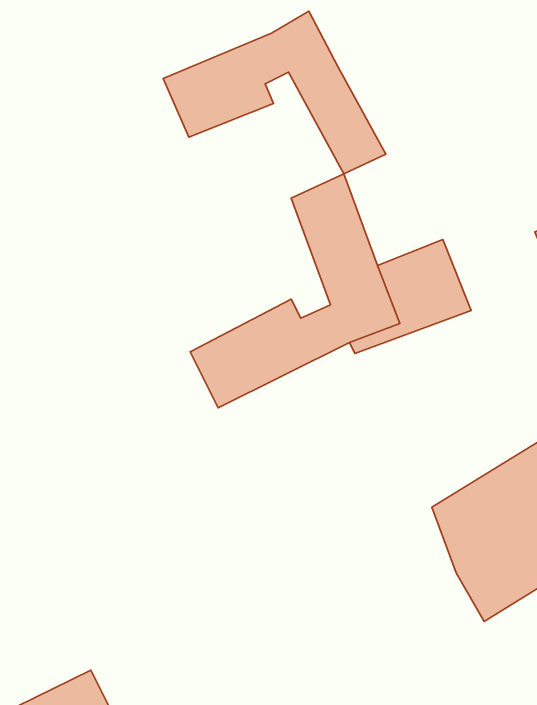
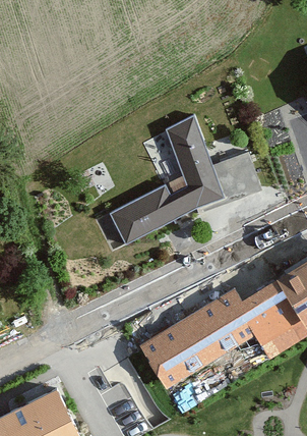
building: [163,11,386,174] -> none
building: none -> [139,287,253,388]

